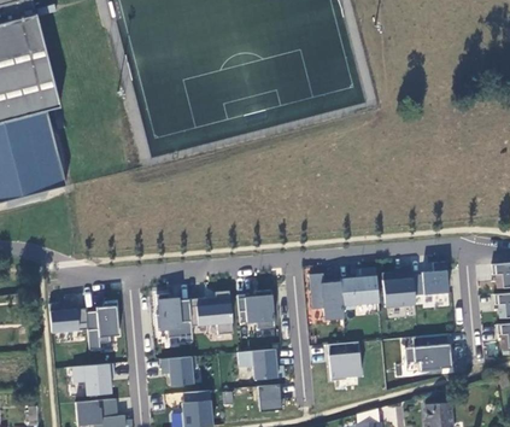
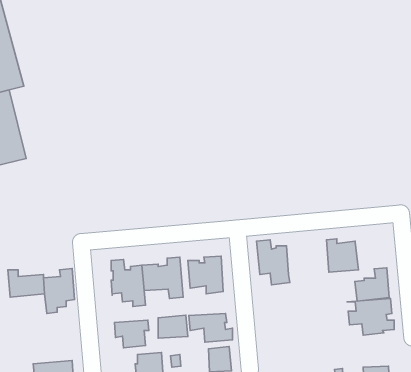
building: [412,261,449,296] -> [355,268,389,301]
building: [340,268,379,309] -> none
building: [328,341,362,381] -> none
building: none -> [158,315,188,338]
building: [71,364,112,397] -> none

